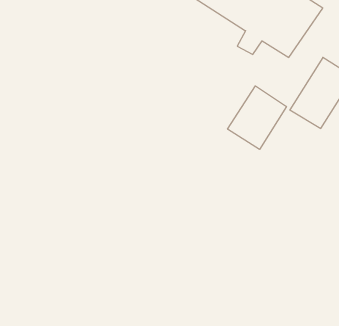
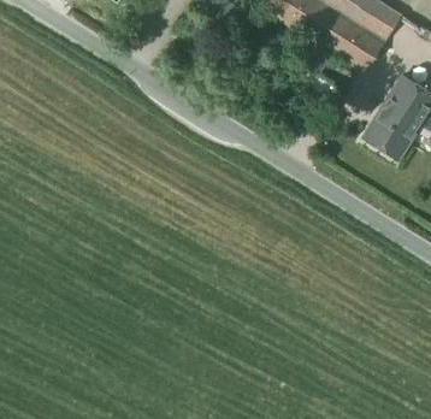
building: [228,86,286,149] -> none

